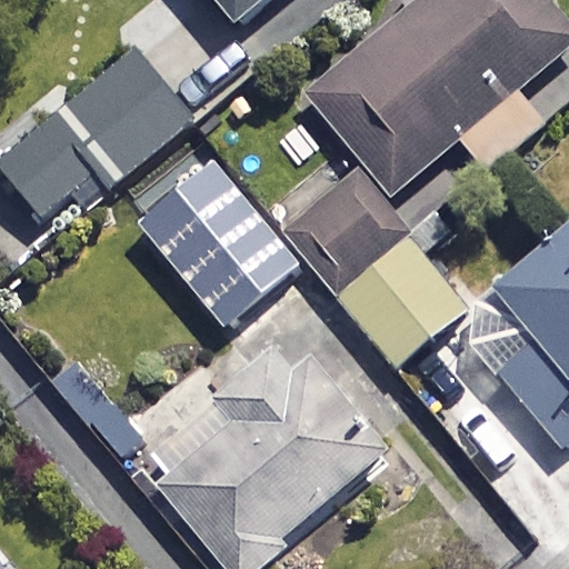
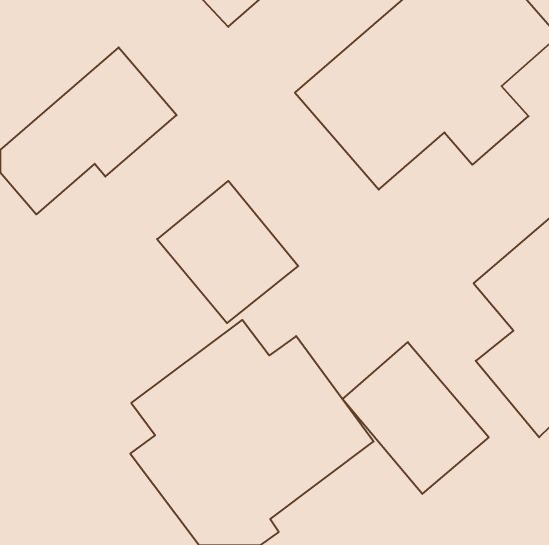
building: [283,173,467,366] -> none
building: none -> [343,342,489,494]

